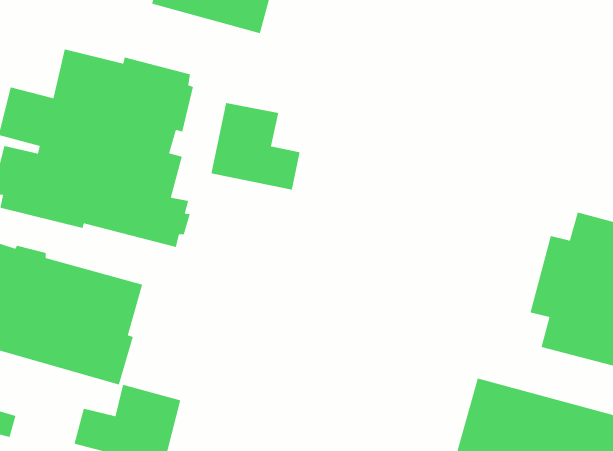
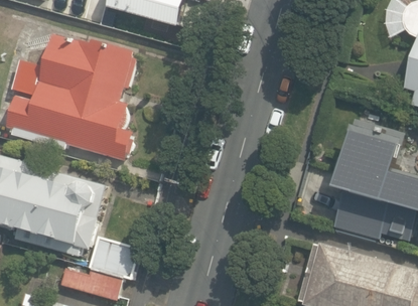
building: [211,102,301,190] -> none

